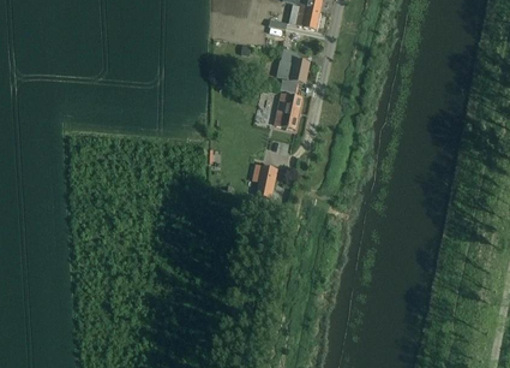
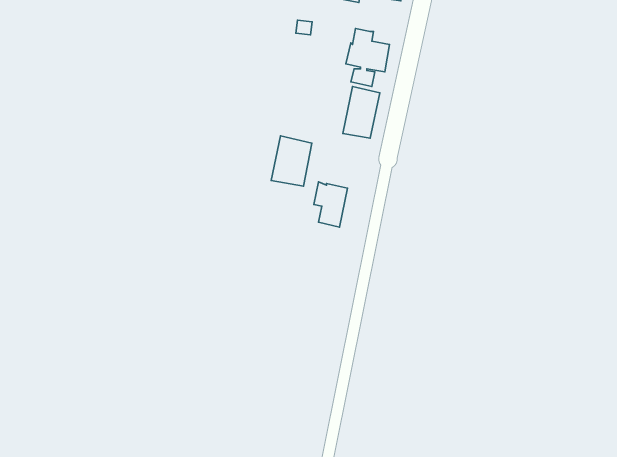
building: none -> [271,136,312,186]

